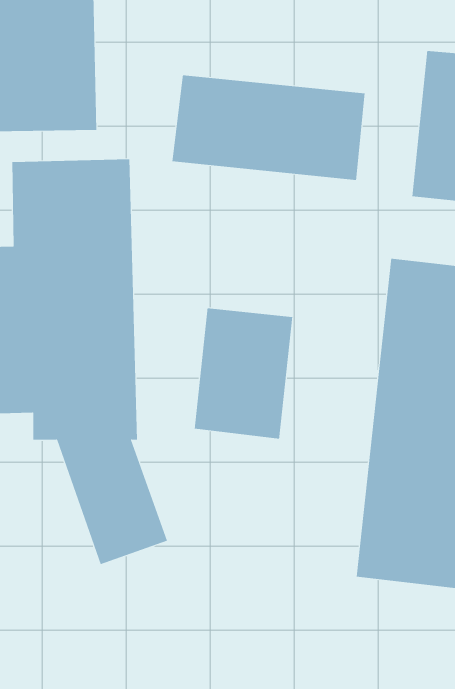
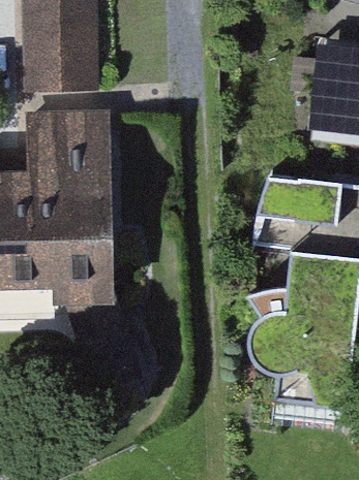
building: [172,74,365,181] -> none
building: [194,308,293,439] -> none

